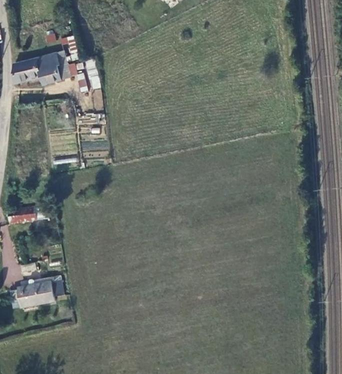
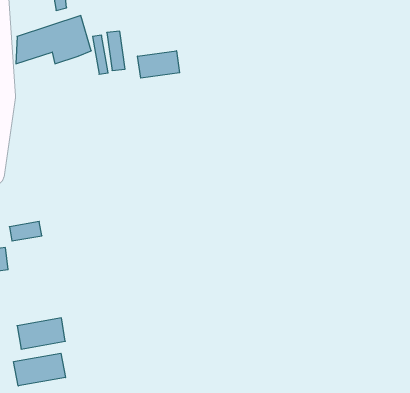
building: none -> [138,51,180,78]
building: none -> [14,353,65,386]

